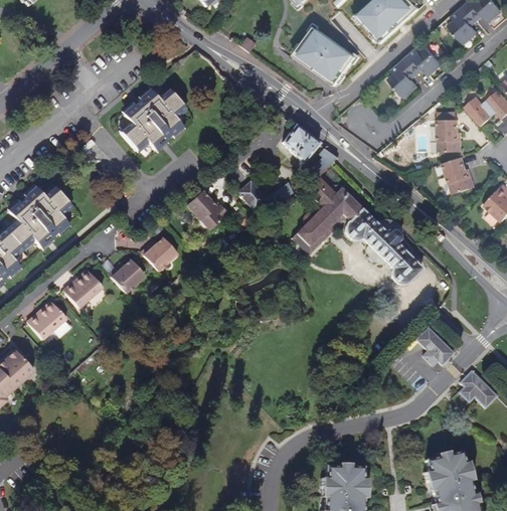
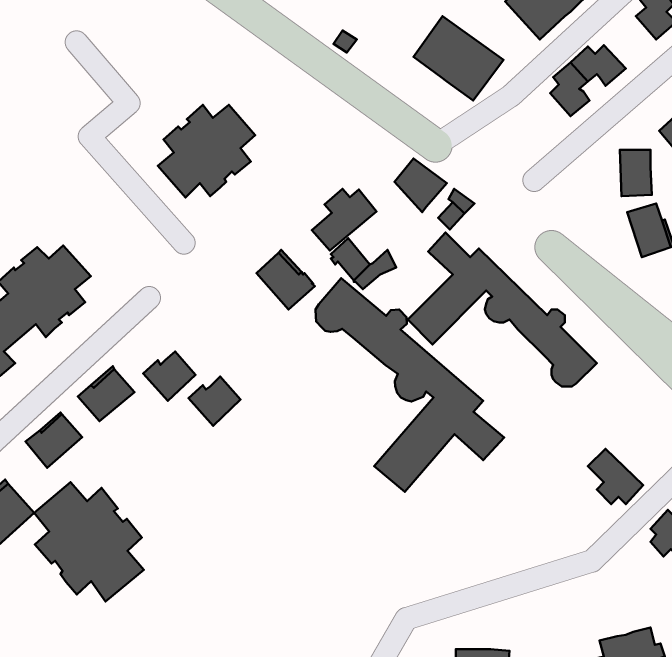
building: none -> [312,189,376,250]
building: none -> [316,278,504,492]
building: [141,236,177,271] -> [188,376,241,426]
building: none -> [34,482,144,602]

